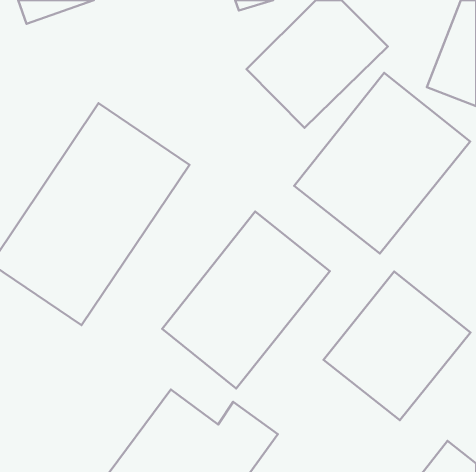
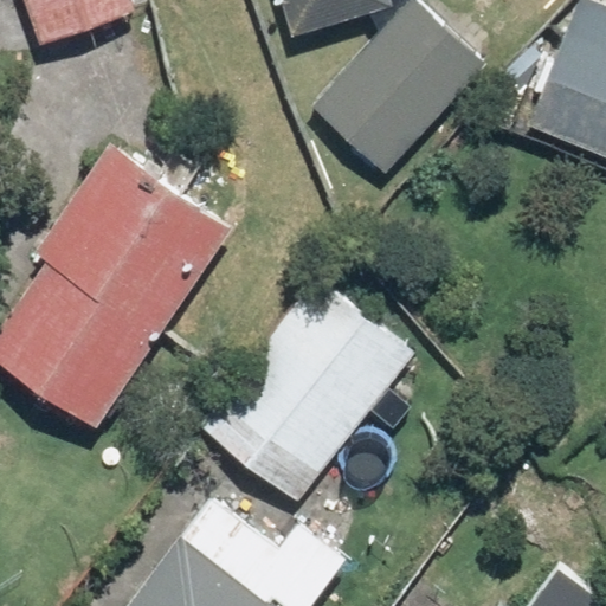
building: [294,73,470,254] -> none
building: [324,271,471,420] -> none

